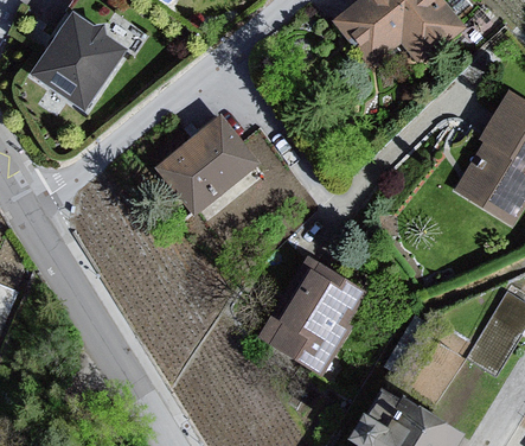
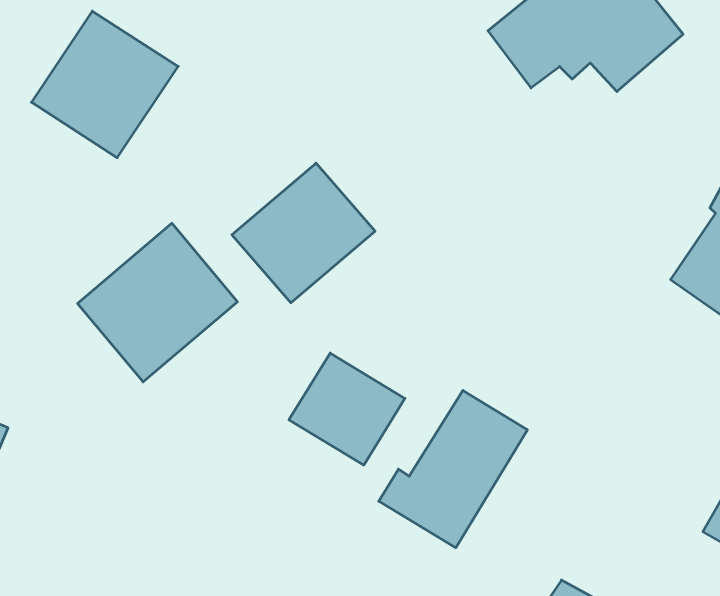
building: none -> [78,223,237,382]
building: none -> [289,353,405,465]

